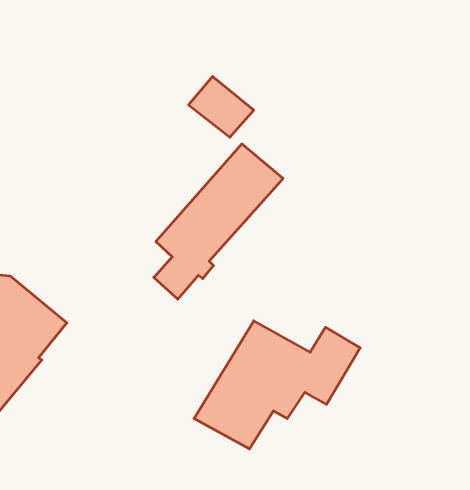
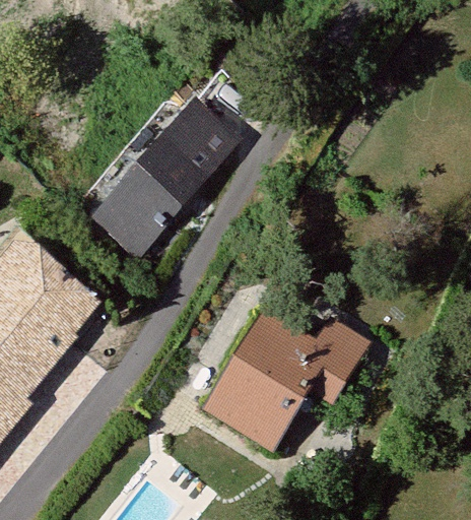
building: [154,144,283,299] -> [109,118,229,263]

